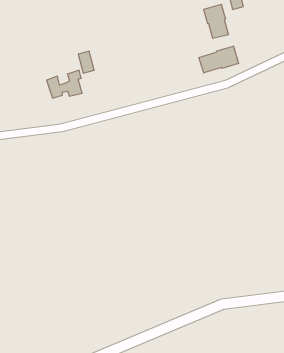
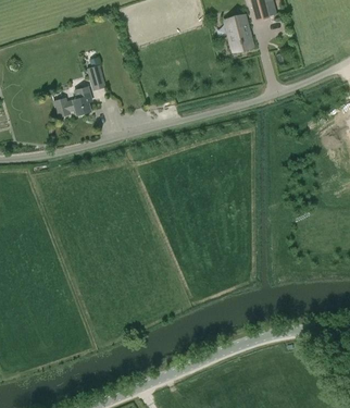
building: [199,46,239,73] -> none

